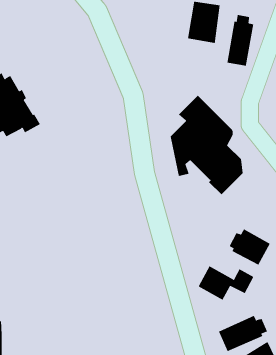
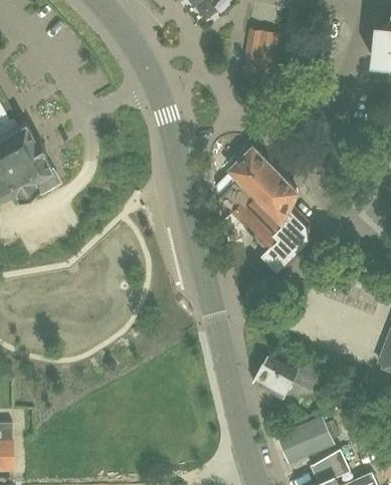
building: [227,14,254,66] -> none
building: [229,229,270,265] -> none

